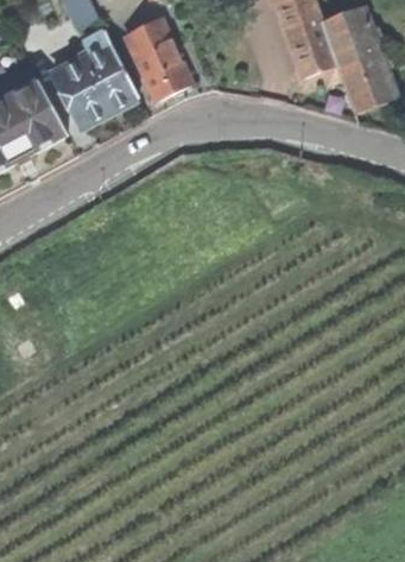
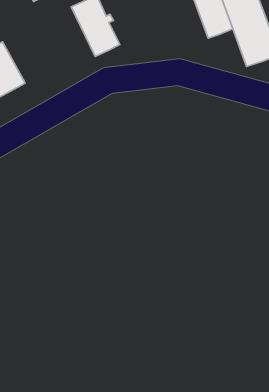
building: [51,31,137,125] -> none

